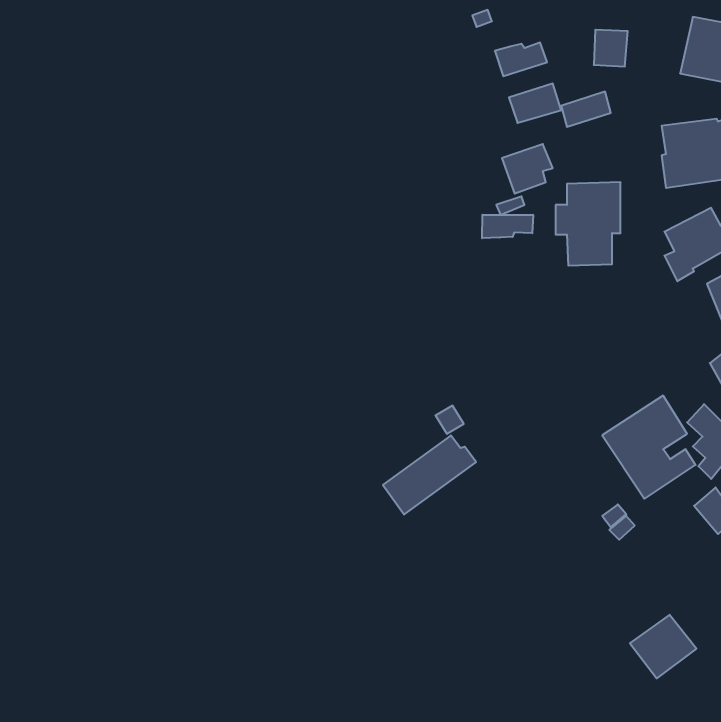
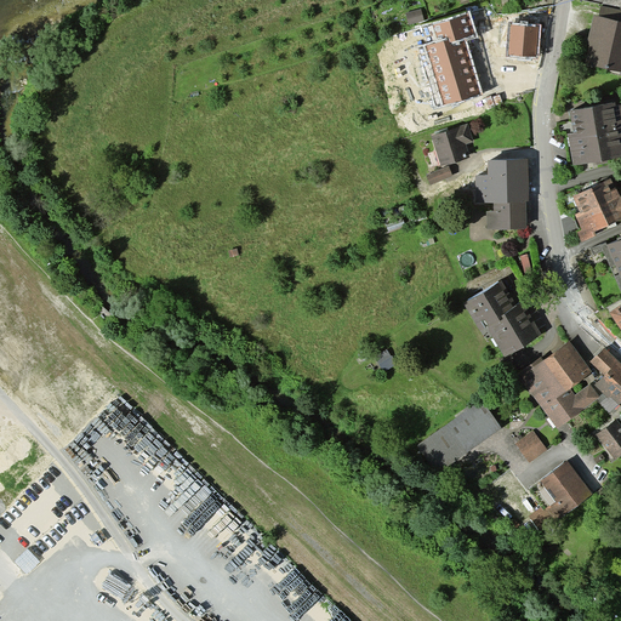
building: none -> [434,13,477,41]
building: [561,92,611,127] -> [433,53,475,84]
building: [482,215,533,238] -> none
building: none -> [463,279,541,355]
building: [383,435,476,515] -> [418,404,498,472]
building: [630,615,696,678] -> [534,461,591,515]

